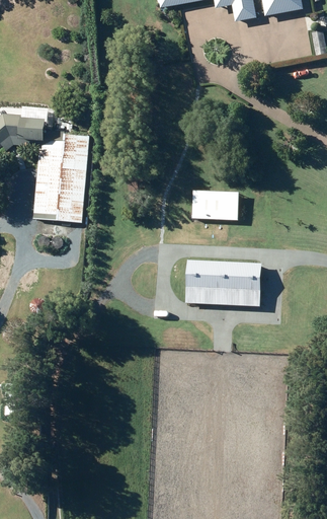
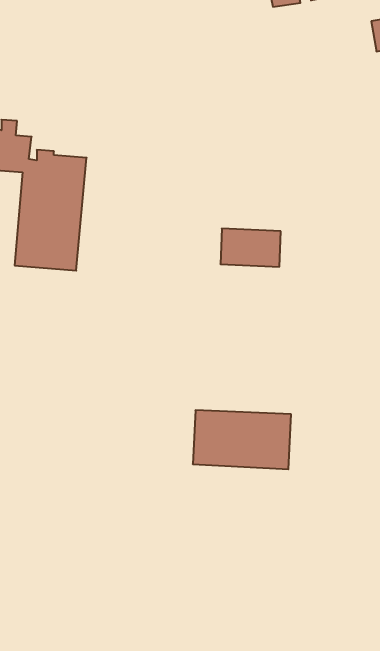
building: [186,261,262,306] -> [193,410,291,469]

